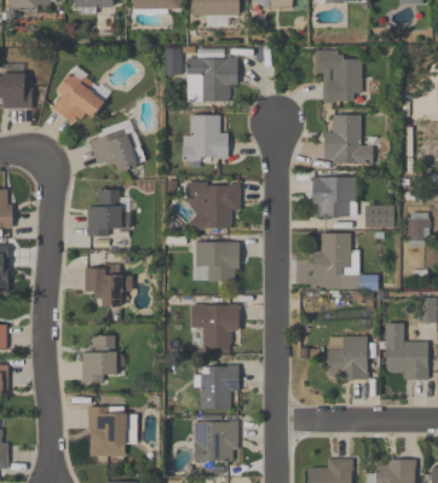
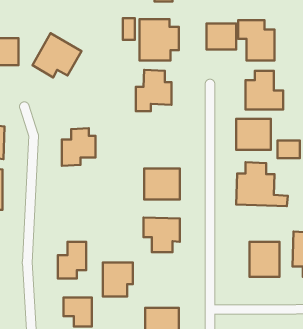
building: none -> [206,23,236,50]
building: [87,121,145,172] -> none
building: [188,183,241,229] -> none
building: [85,266,131,306] -> none
building: [198,366,237,409] -> [103,263,133,296]

